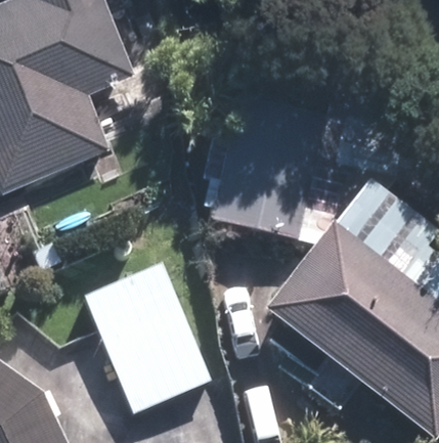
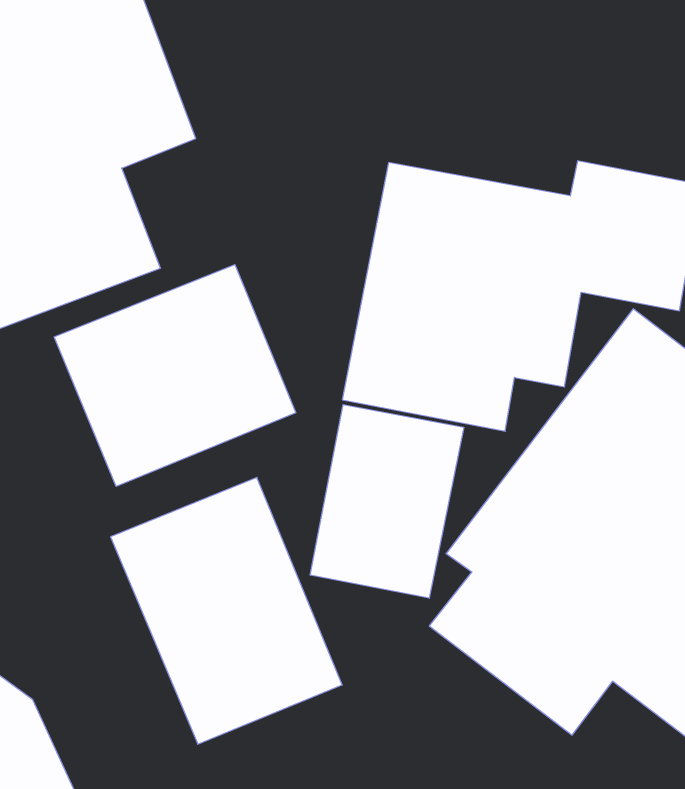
building: none -> [54,265,296,486]
building: none -> [310,405,464,598]

